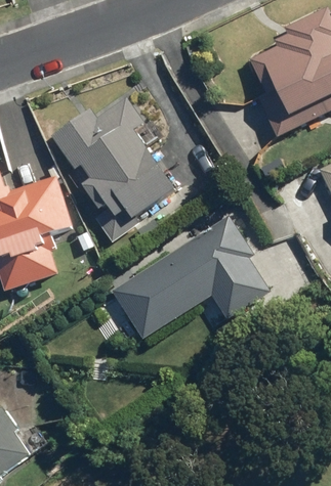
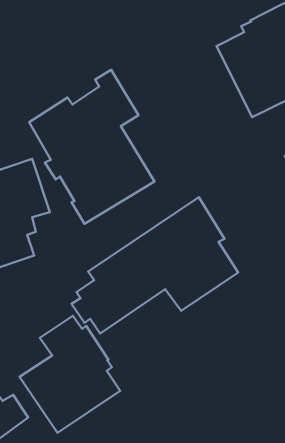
building: none -> [20,316,120,433]

